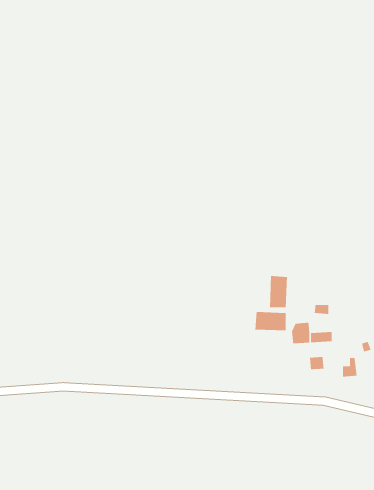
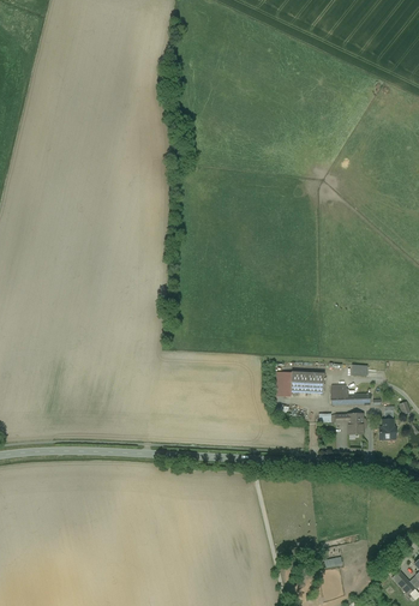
building: [269,275,288,308] -> none

